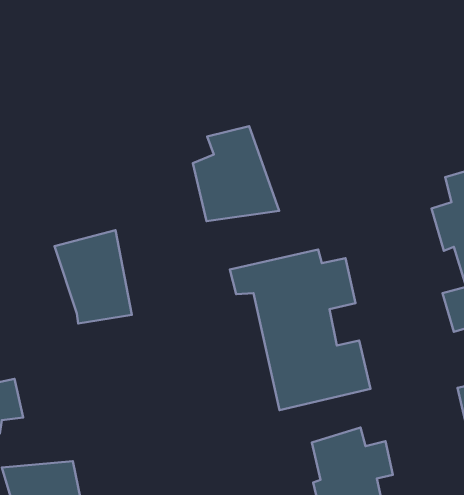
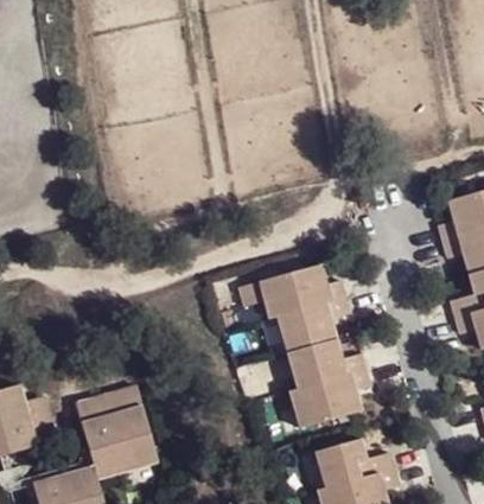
building: [193,126,279,221] -> none
building: [55,230,132,324] -> [74,381,147,470]

